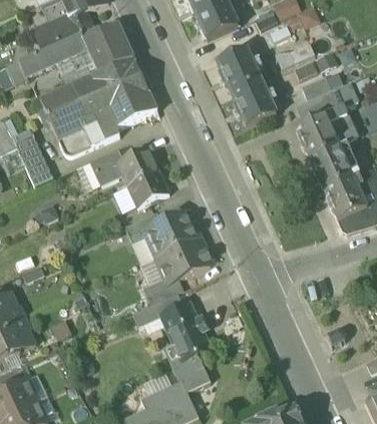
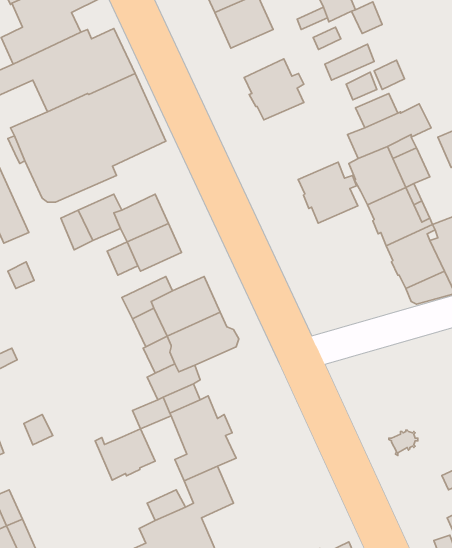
building: [232,79,277,125] -> [298,162,358,223]
building: none -> [95,429,155,480]

